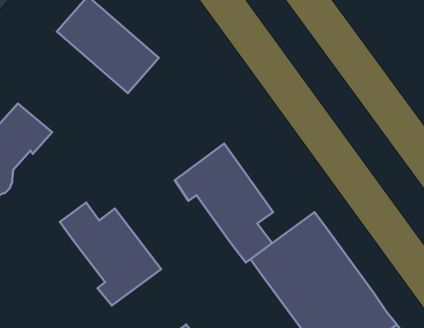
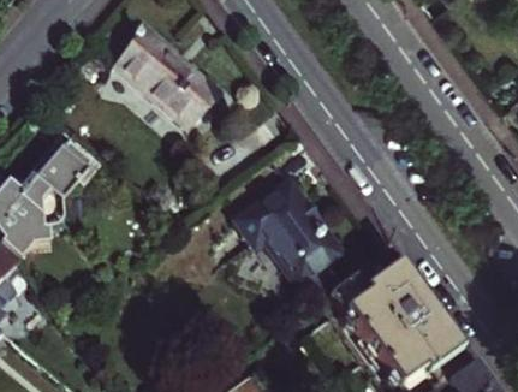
building: [60,202,161,306] -> none

